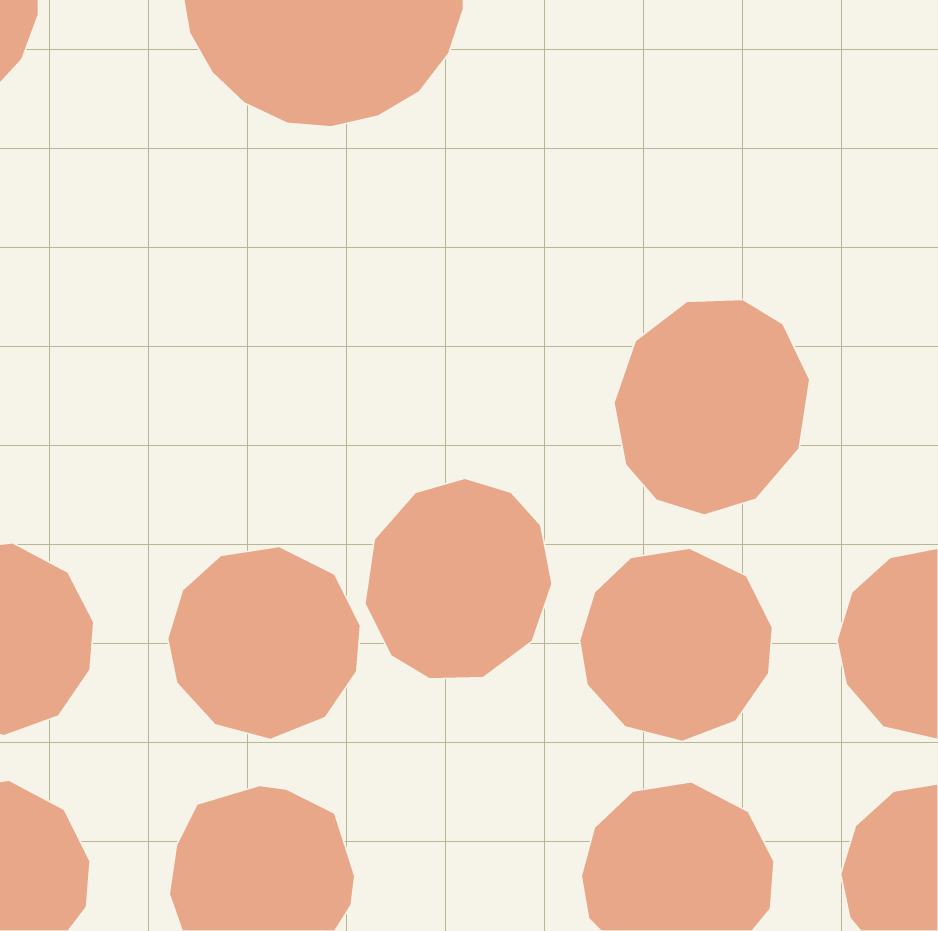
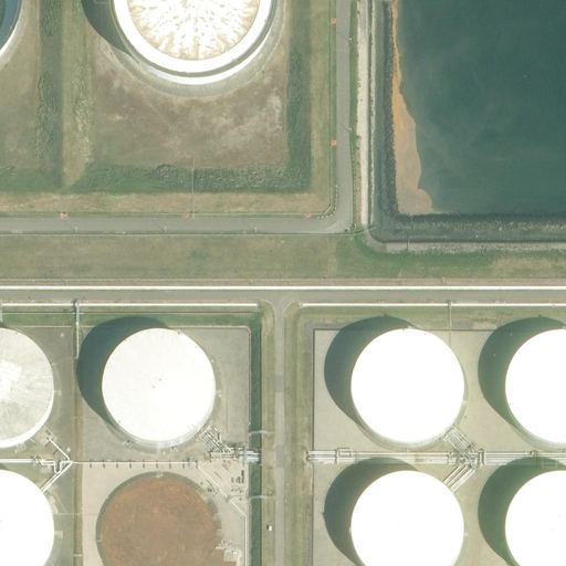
building: [614,300,810,515] -> none
building: [365,478,552,679] -> none

